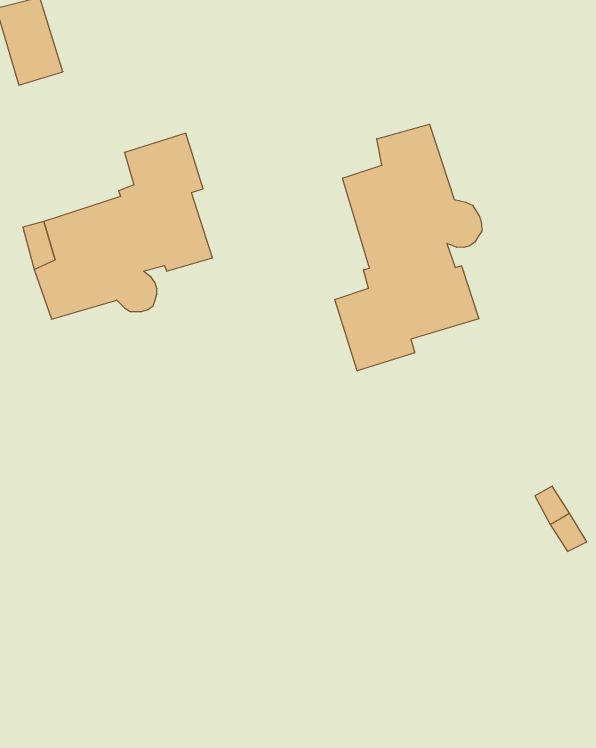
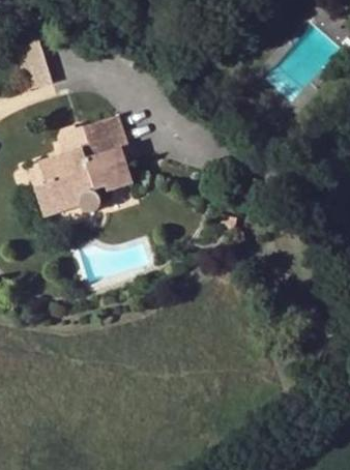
building: [335,124,482,371] -> none

